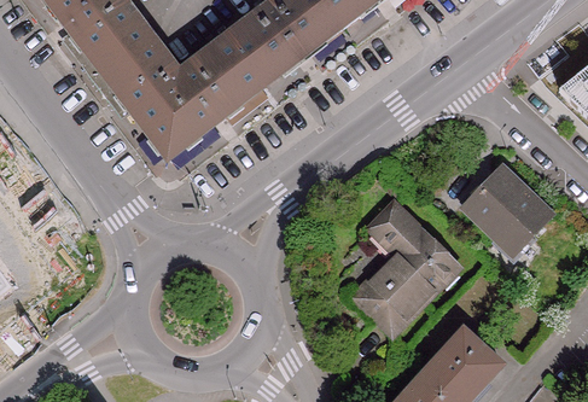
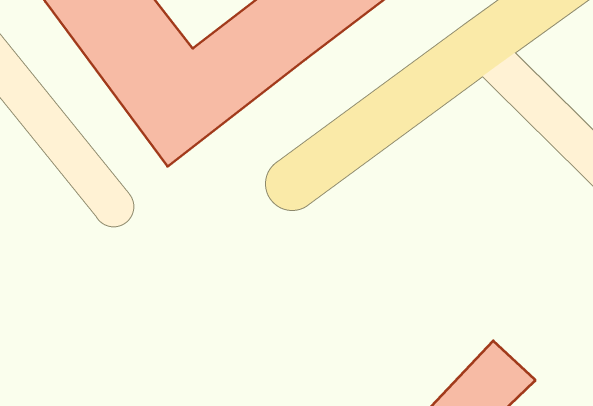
building: [458,167,541,250] -> none
building: [349,204,444,327] -> none

